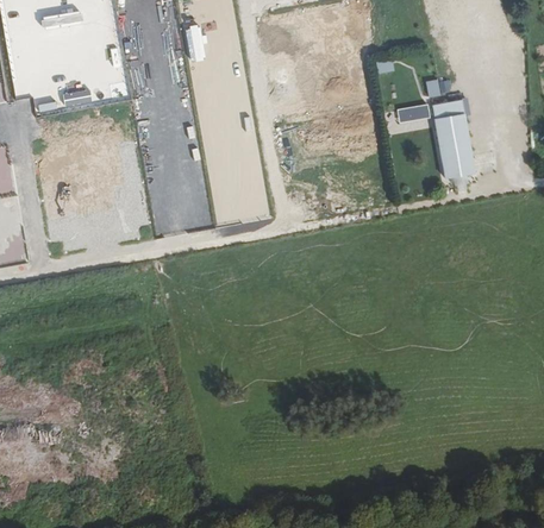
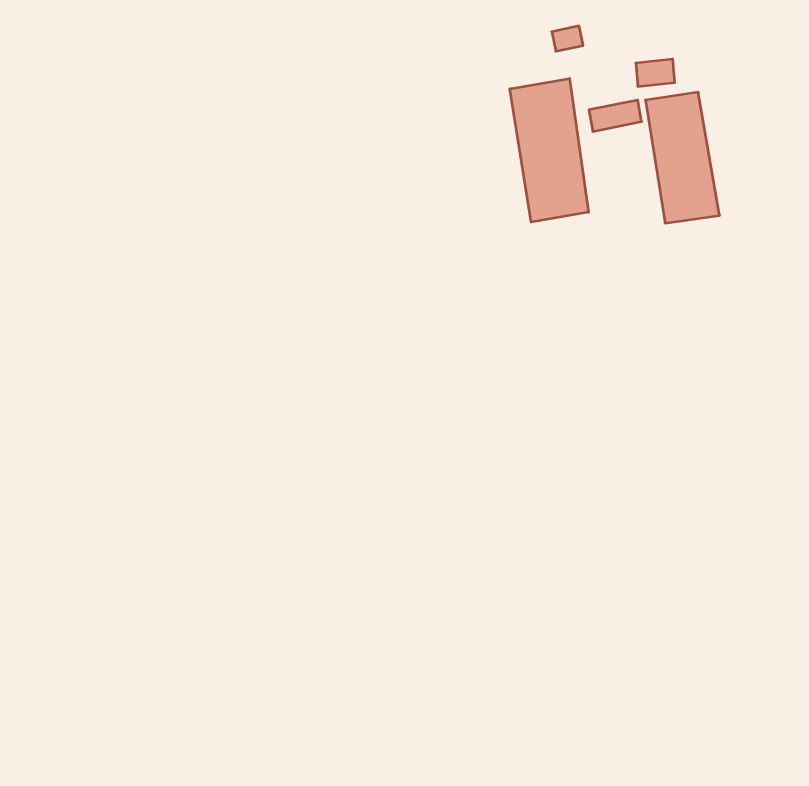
building: none -> [510,78,589,222]

